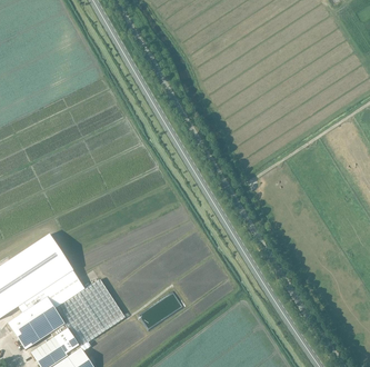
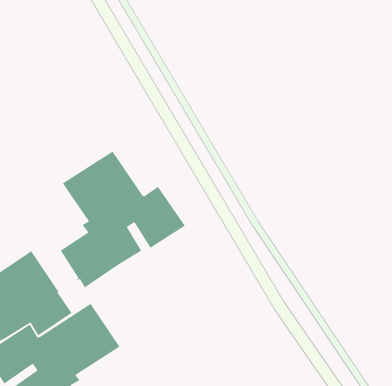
building: none -> [60,150,186,288]

